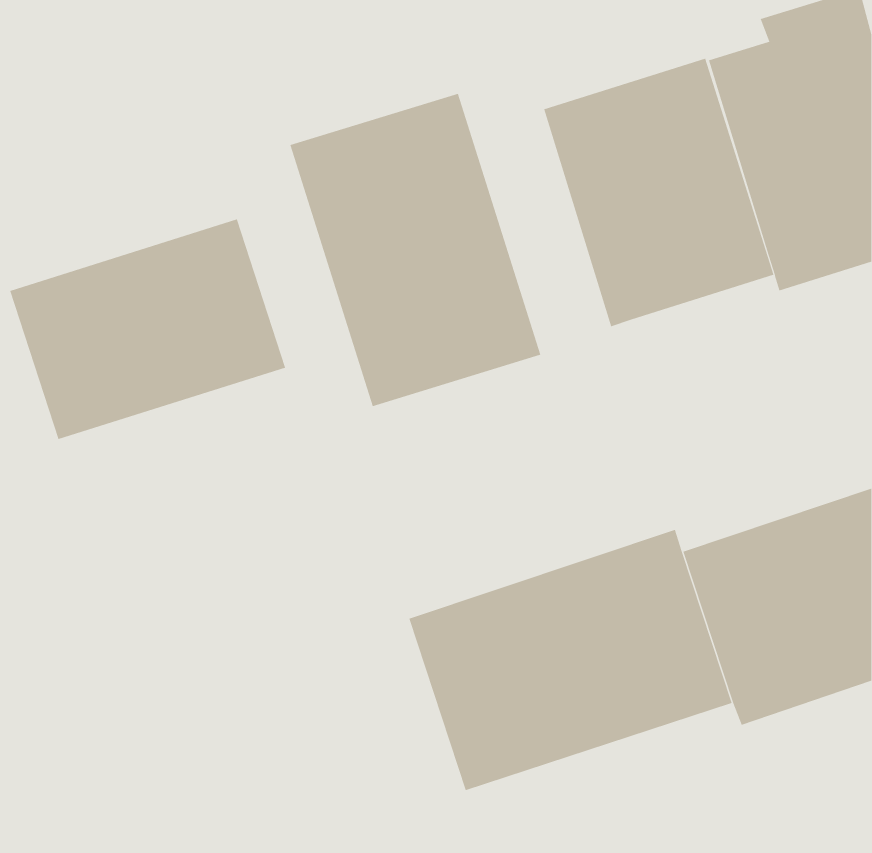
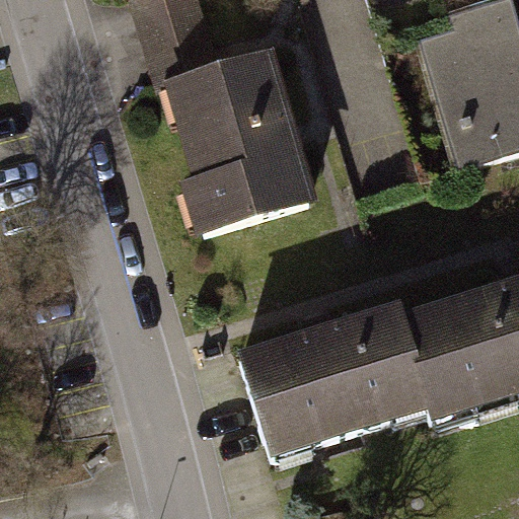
building: [544,58,774,327] -> none
building: [10,219,286,440] -> none

